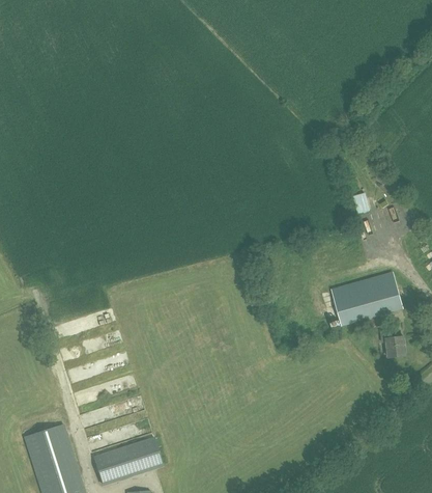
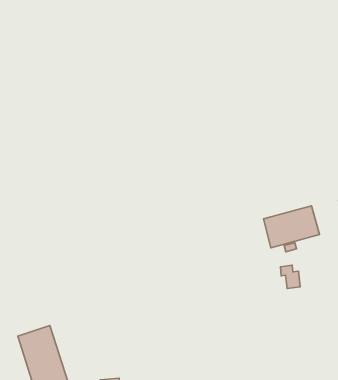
building: [380,328,405,357] -> [280,265,300,288]
building: [92,435,163,485] -> none

